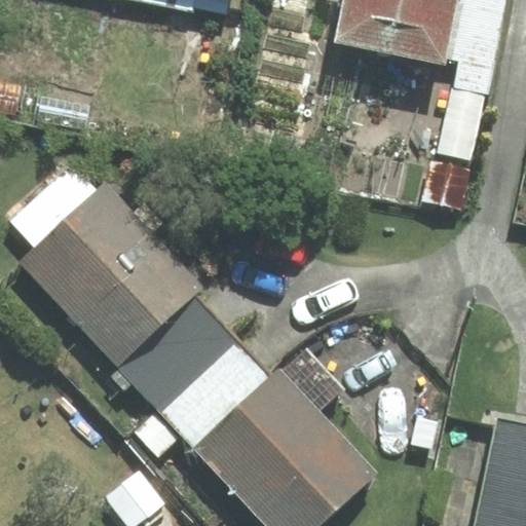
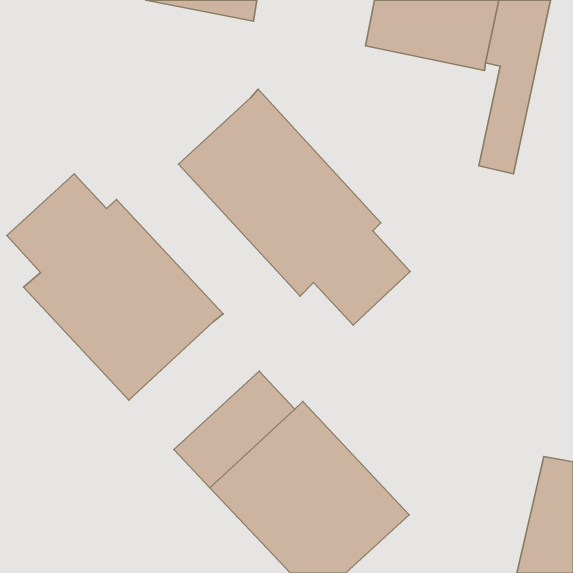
building: none -> [178,89,410,325]
building: [118,295,237,412] -> none

